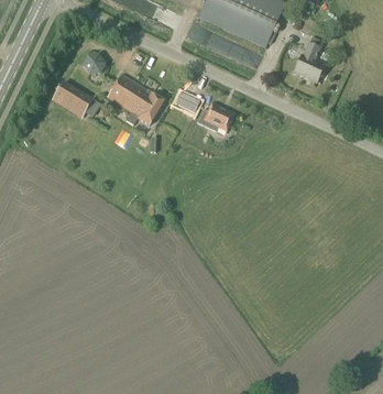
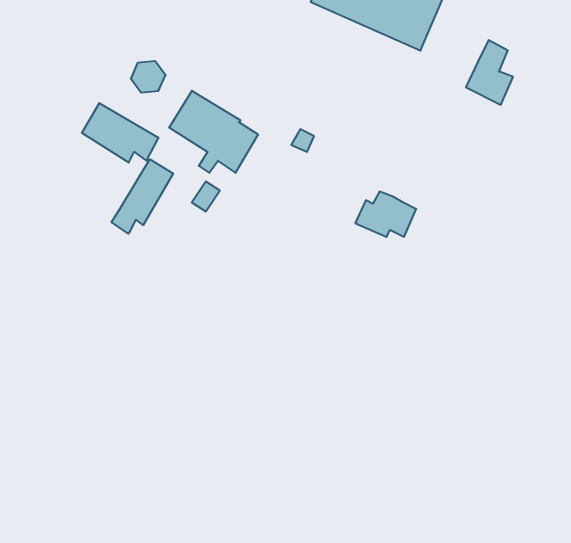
building: [196,101,234,130] -> [355,192,416,237]
building: none -> [112,159,173,234]

